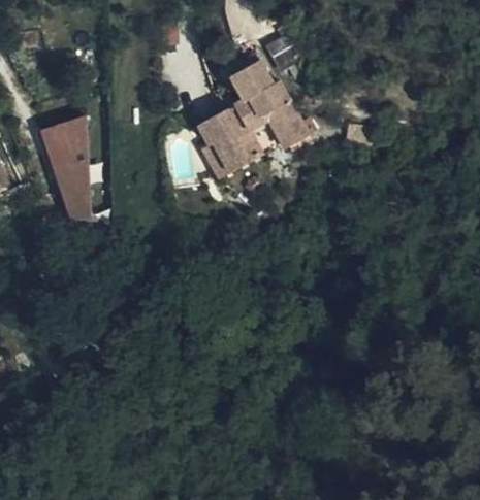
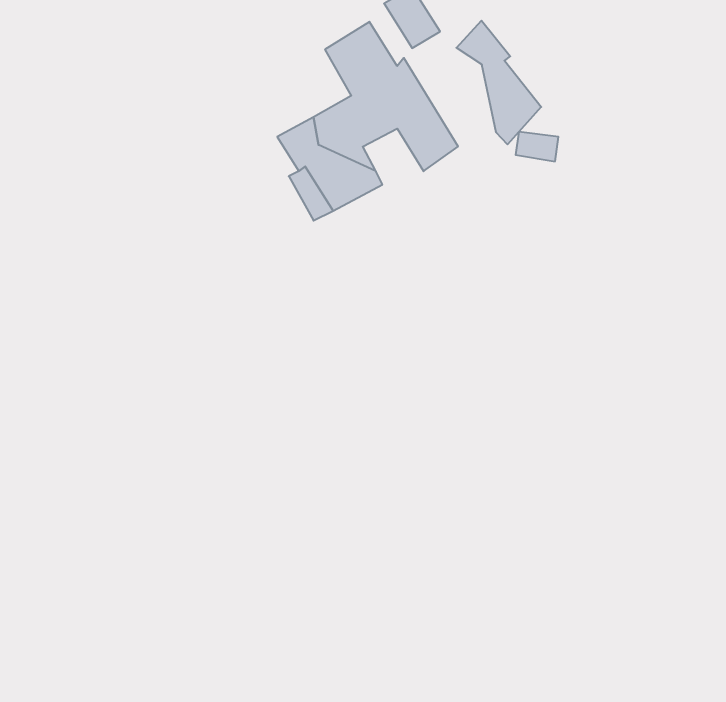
building: none -> [456,21,541,144]
building: [40,115,89,220] -> none

